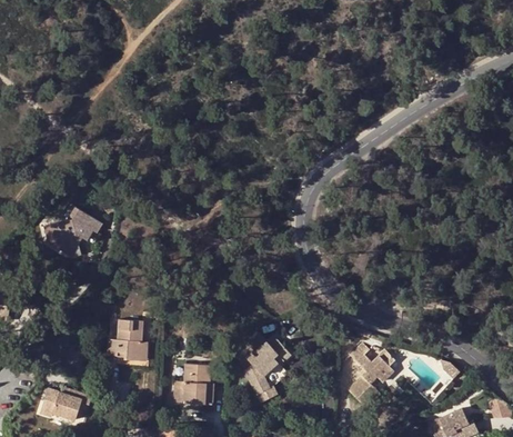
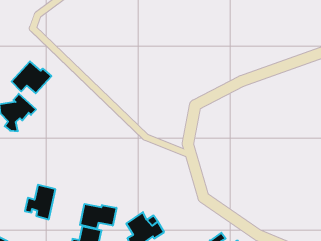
building: none -> [12,61,51,93]
building: none -> [80,204,116,229]

